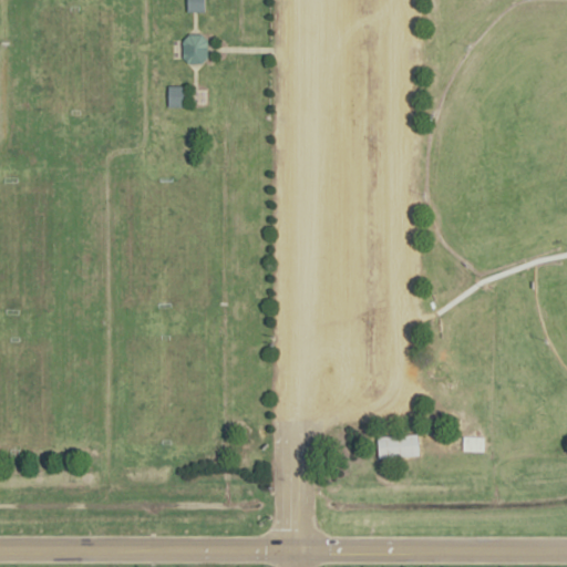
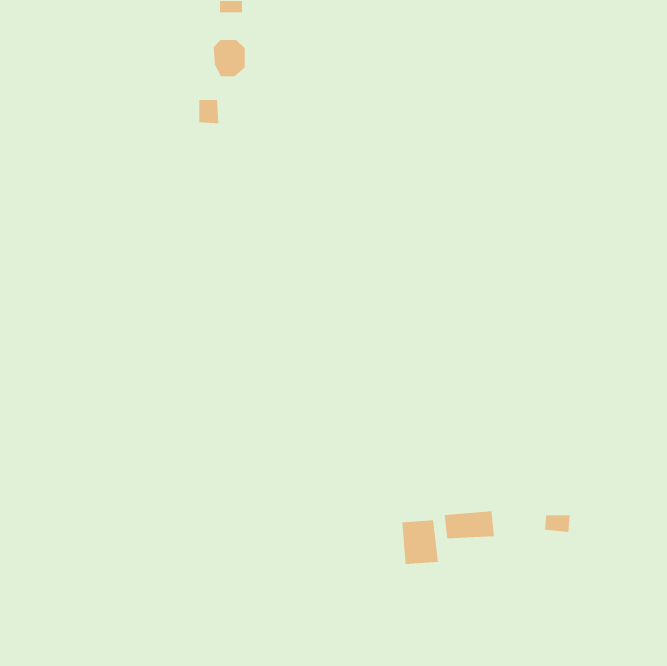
building: none -> [401,520,439,565]

